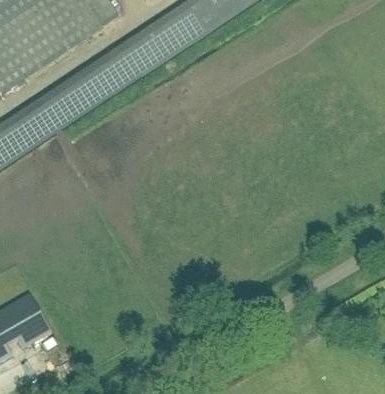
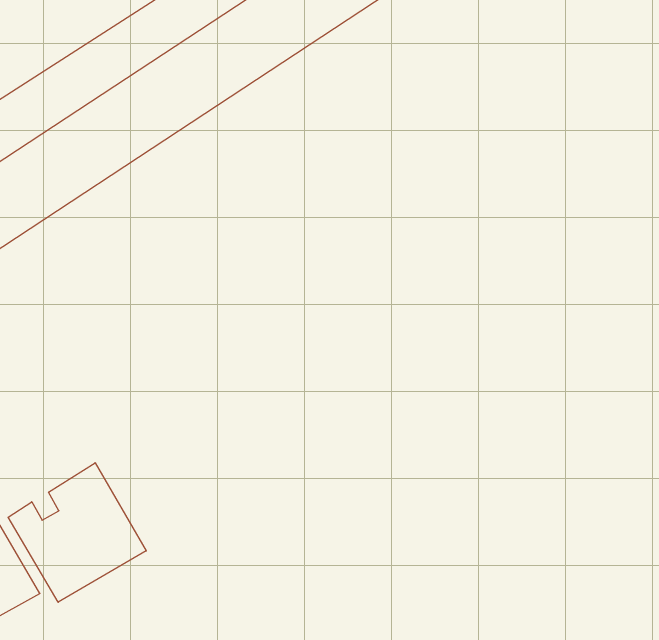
building: none -> [8,463,146,602]

